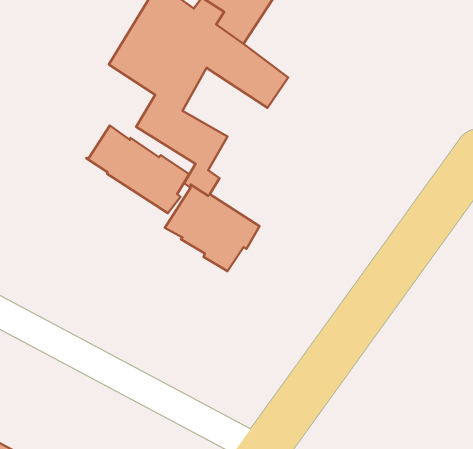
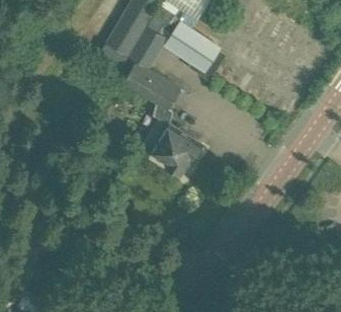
building: [86,125,189,213] -> none

